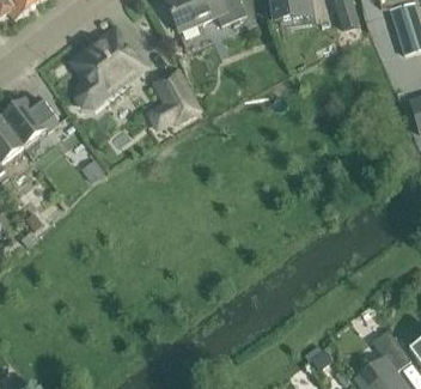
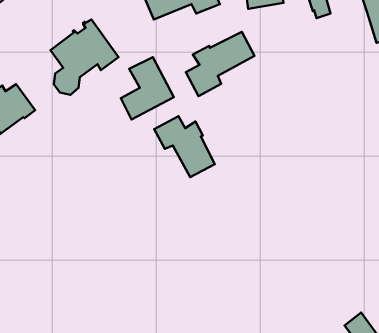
building: none -> [186,32,255,96]
building: none -> [154,116,215,177]

